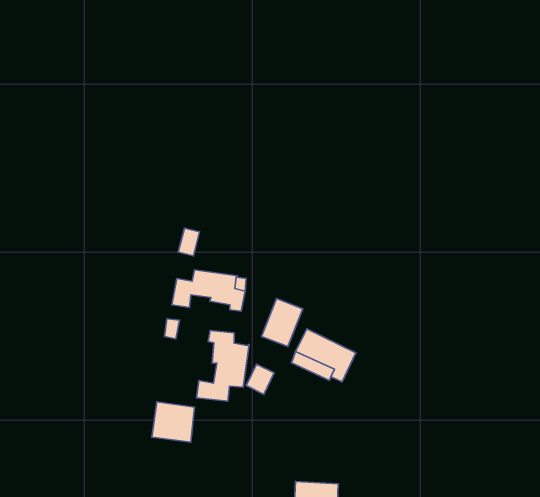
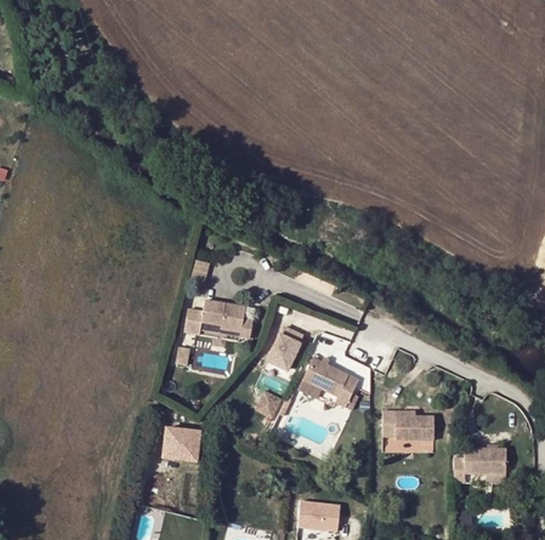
building: [196,330,249,401] -> none
building: none -> [381,409,433,439]
building: none -> [450,454,505,489]

